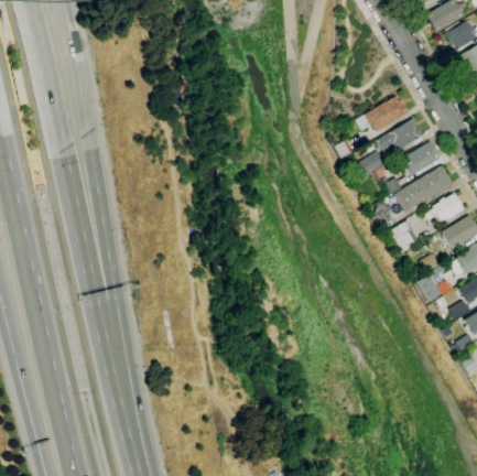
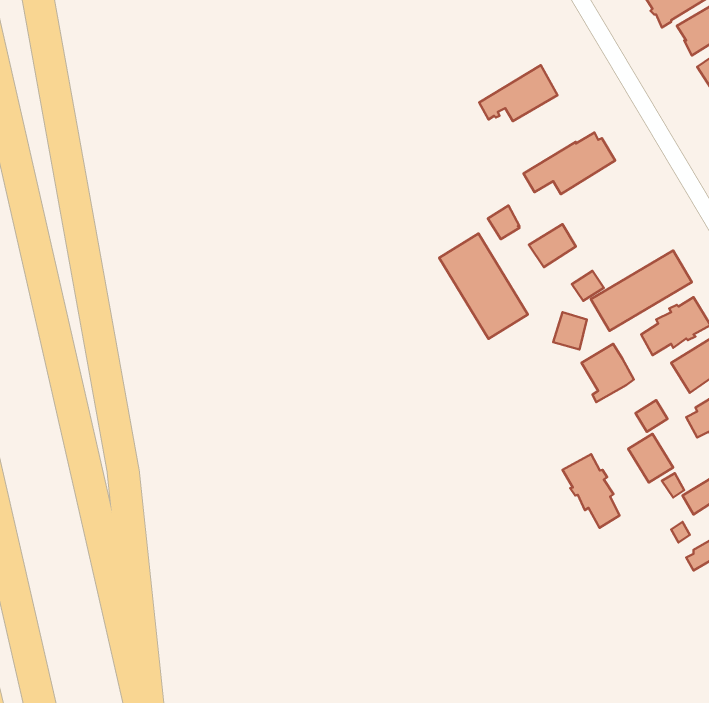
building: [377,118,423,151] -> [479,65,558,121]
building: [400,141,437,176] -> none
building: none -> [439,234,528,339]
building: none -> [562,454,620,528]

